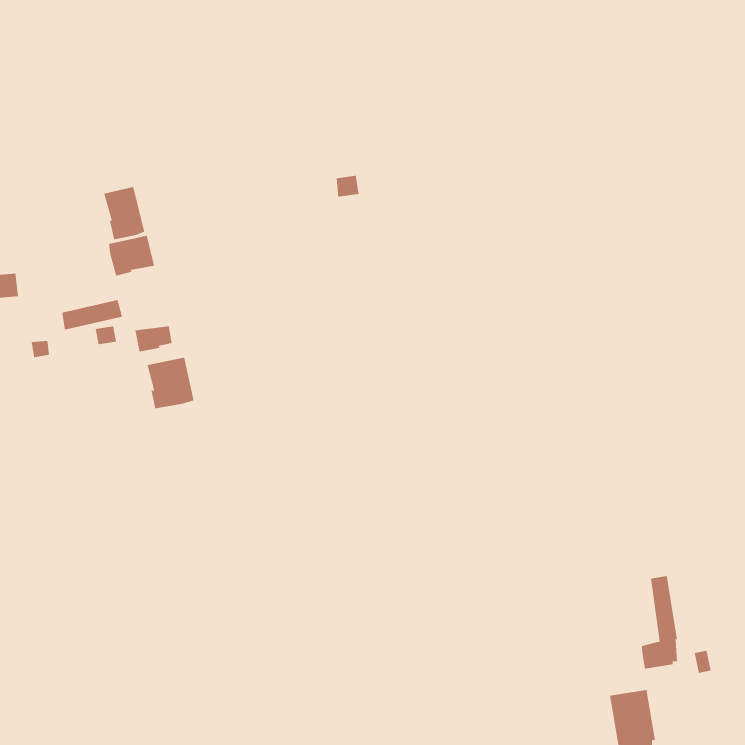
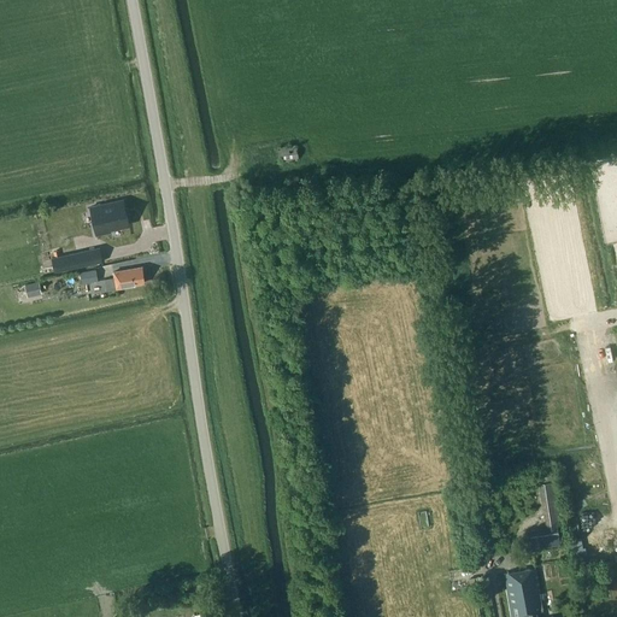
building: [103,186,145,240] -> none
building: [147,357,194,409] -> none

